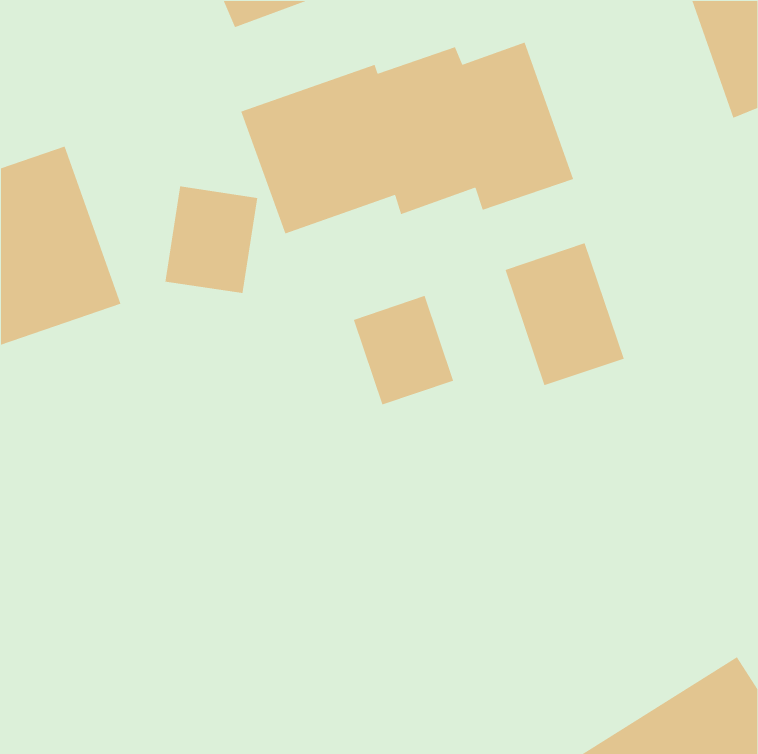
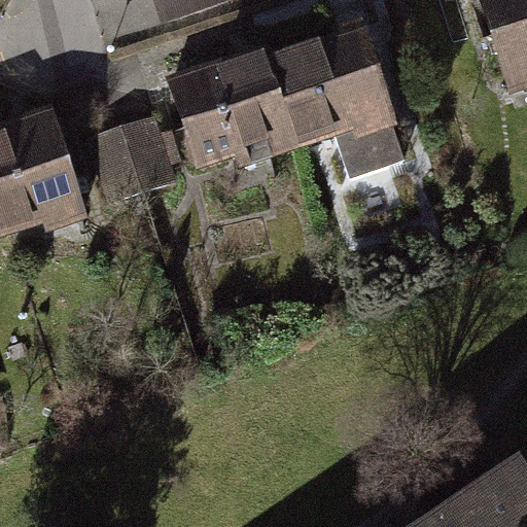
building: [504,242,625,386] -> none
building: [353,295,454,406] -> none

